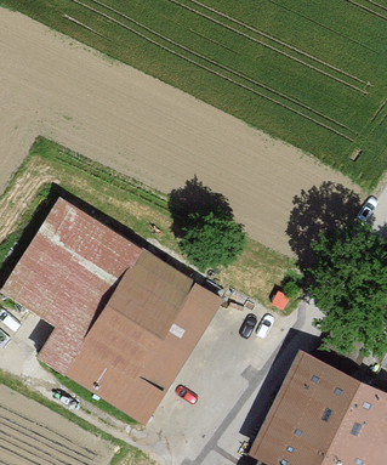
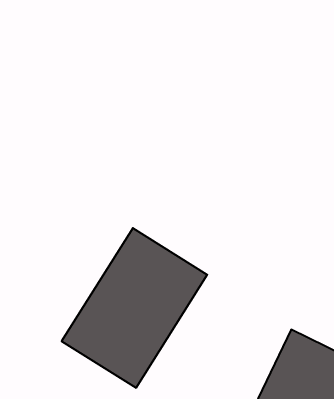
building: [7,202,140,369] -> none

